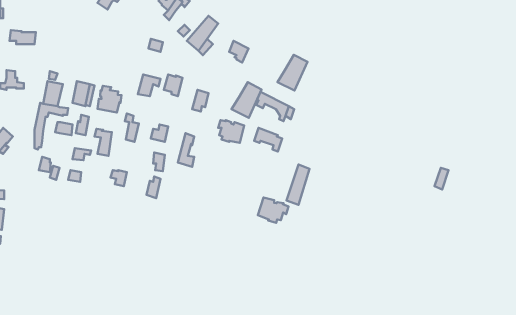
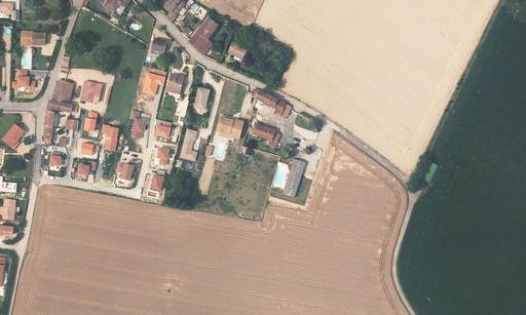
building: [278,55,307,90] -> none
building: [232,82,262,118] -> none
building: [98,86,122,113] -> none
building: [258,198,288,223] -> none

